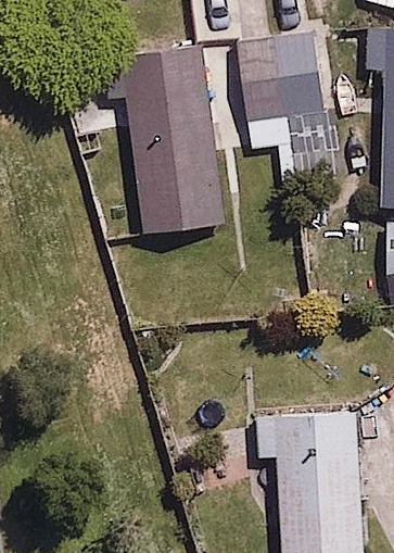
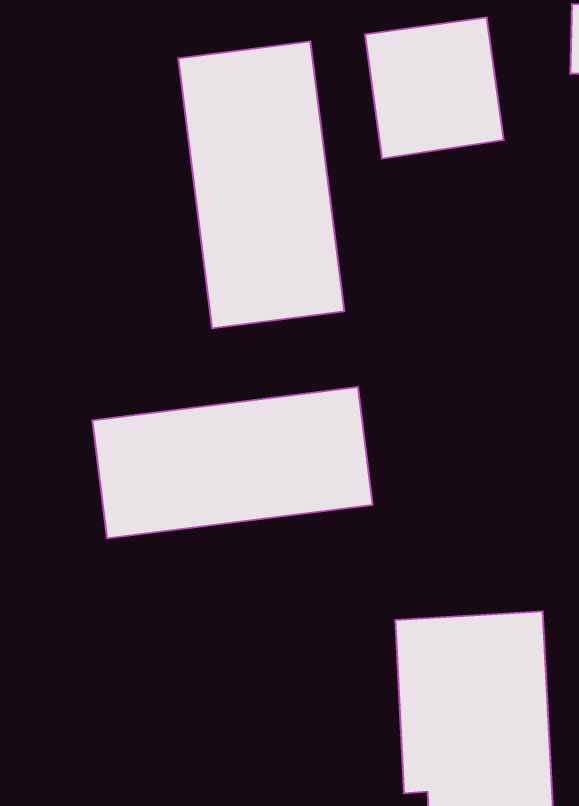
building: none -> [93,387,372,538]

